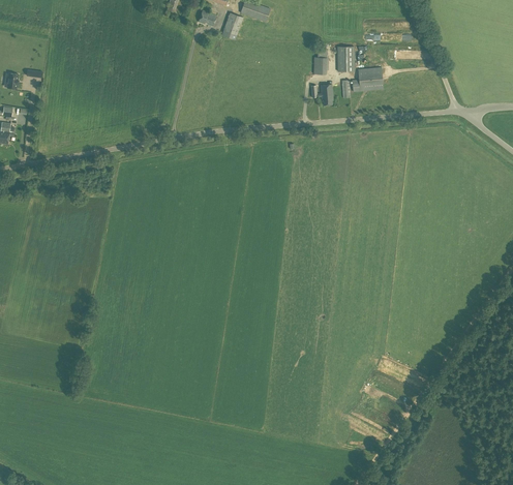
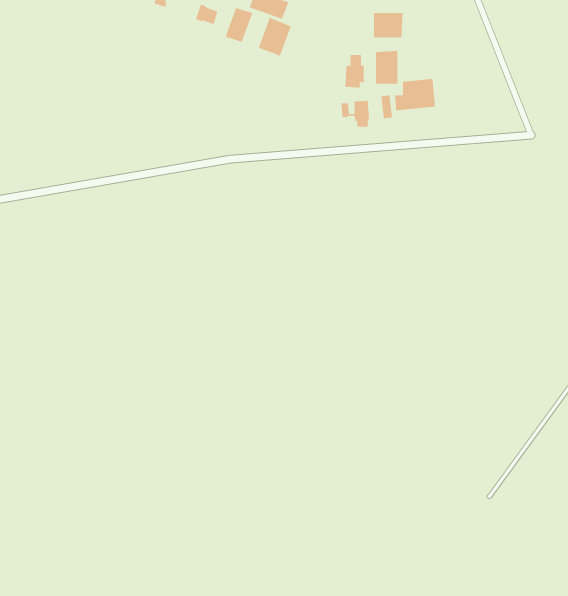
building: none -> [374,12,403,38]
building: none -> [258,17,291,56]

